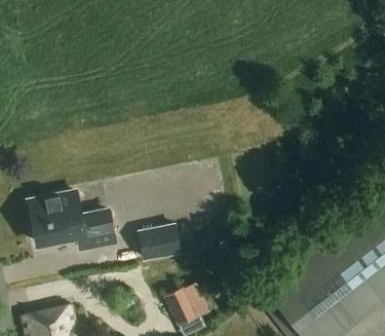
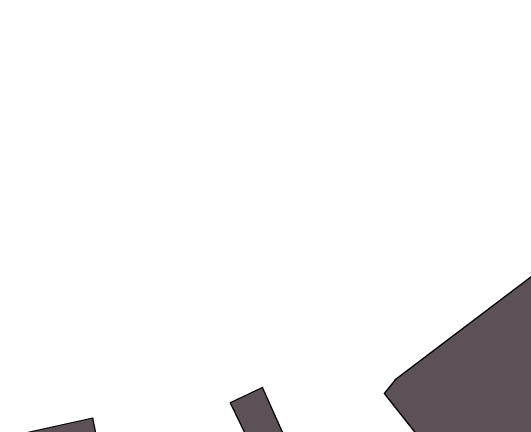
building: [30,196,115,250] -> none
building: [137,224,182,261] -> none

